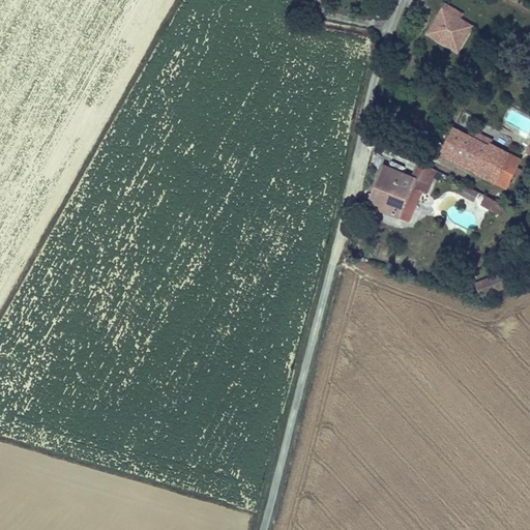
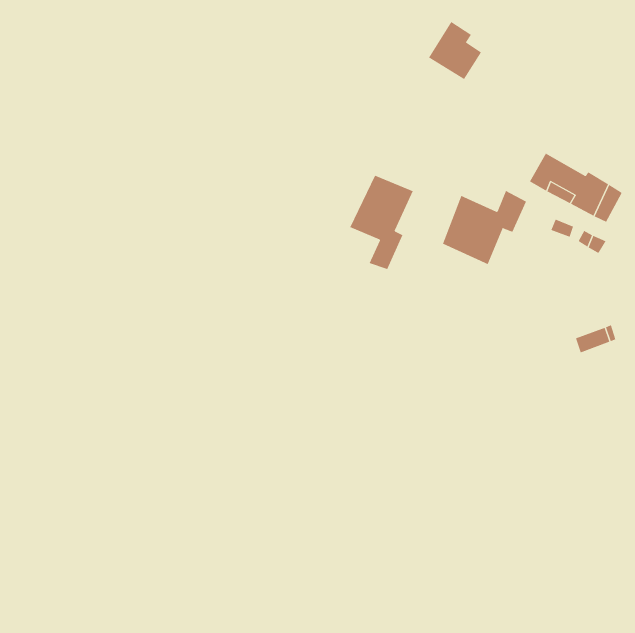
building: [426,7,471,56] -> [428,21,482,80]
building: none -> [349,175,414,270]

